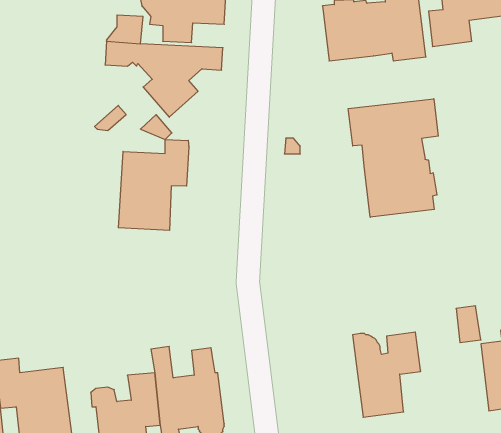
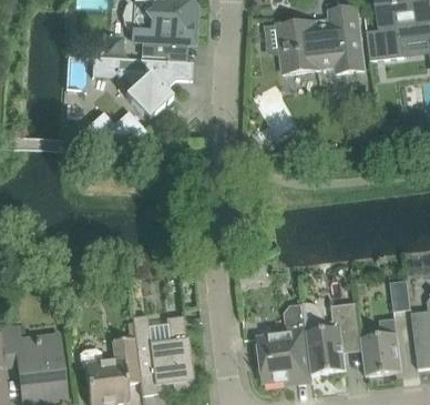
building: [348,99,438,217] -> none
building: [118,140,189,230] -> none
building: none -> [257,304,311,383]
building: none -> [360,317,401,375]

